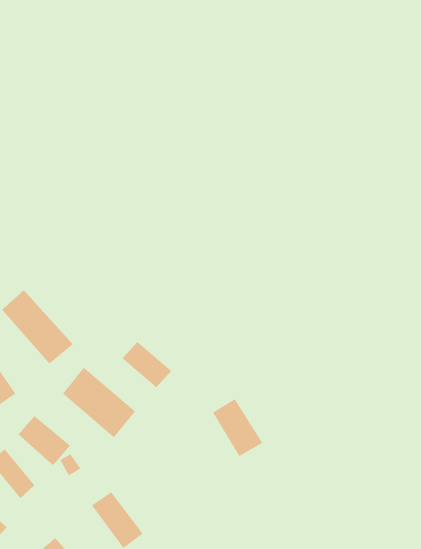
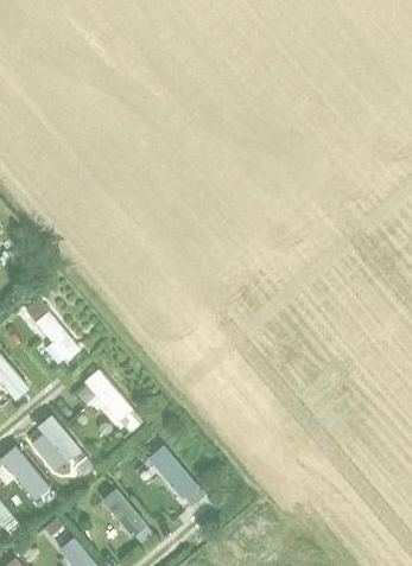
building: [121,341,172,388] -> none
building: [212,398,263,457] -> [152,451,199,505]

